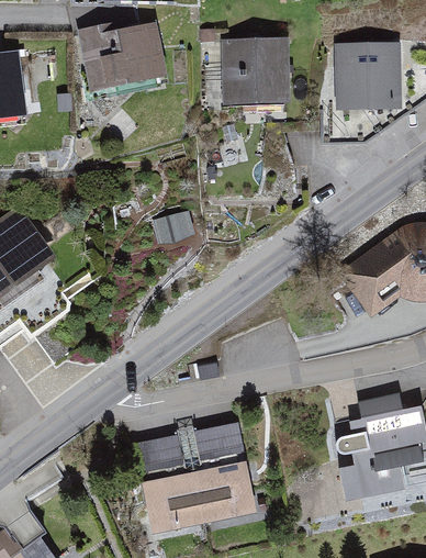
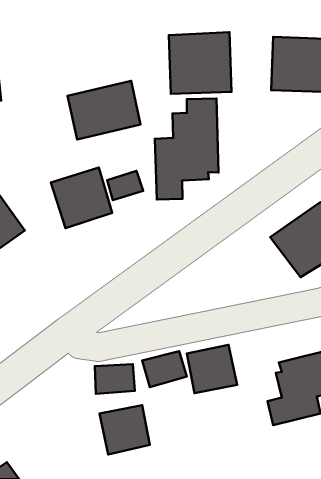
building: [86,26,170,94] -> [68,81,141,140]
building: none -> [155,98,219,200]
building: none -> [51,167,112,228]
building: [190,459,248,515] -> [187,345,237,393]

